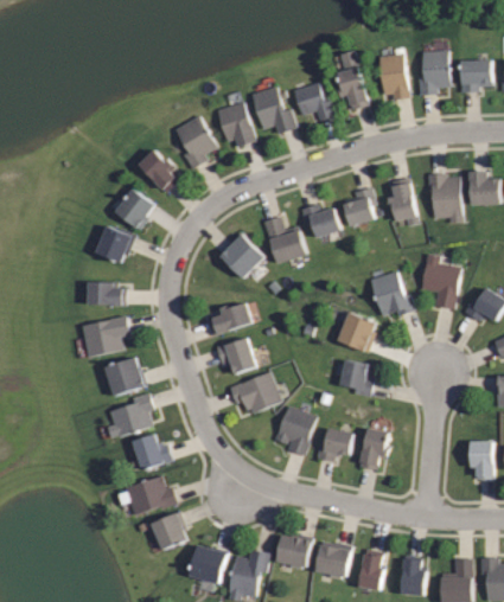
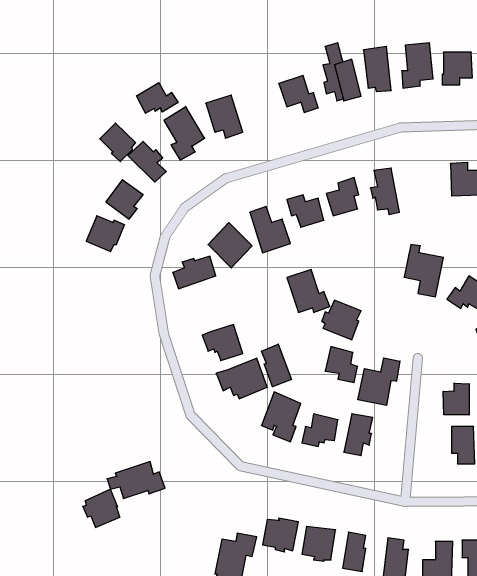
building: [251,85,296,133] -> none
building: none -> [137,83,178,113]
building: none -> [100,123,135,162]
building: [427,173,460,222] -> none
building: [371,271,415,315] -> [287,269,330,312]
building: [87,281,125,305] -> none
building: [206,302,250,335] -> [173,256,216,289]
building: [82,315,129,357] -> none
building: none -> [262,344,291,387]
building: [106,357,146,396] -> none
building: none -> [358,358,400,405]
building: [108,393,153,437] -> none
building: none -> [443,383,469,415]
building: [133,434,172,470] -> none
building: [149,512,187,551] -> [83,489,120,527]
building: [190,545,228,584] -> none

